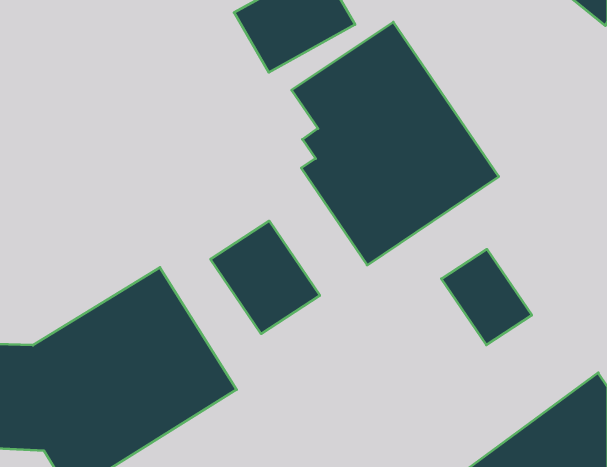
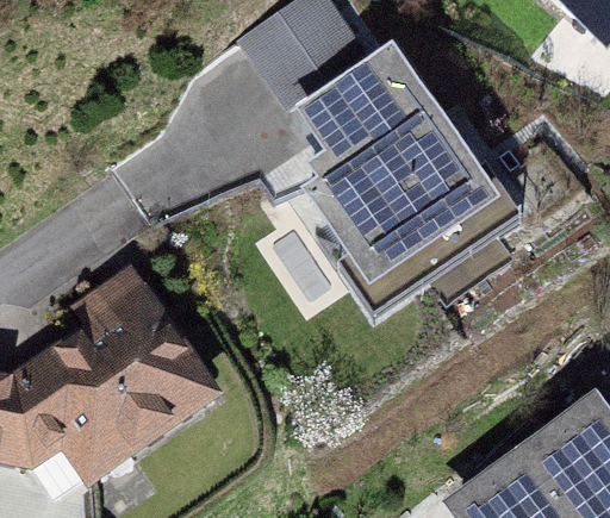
building: [211,221,320,334] -> none
building: [441,249,532,345] -> none

